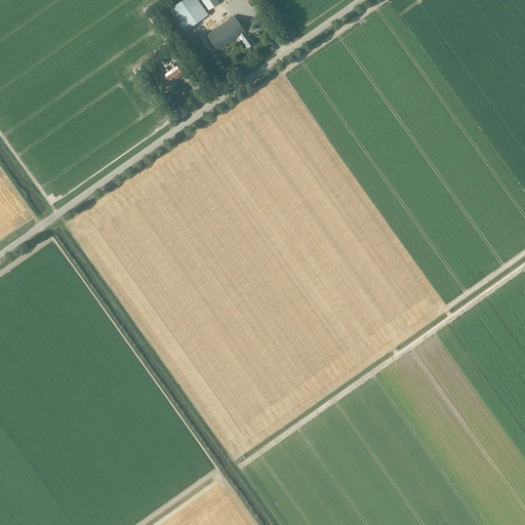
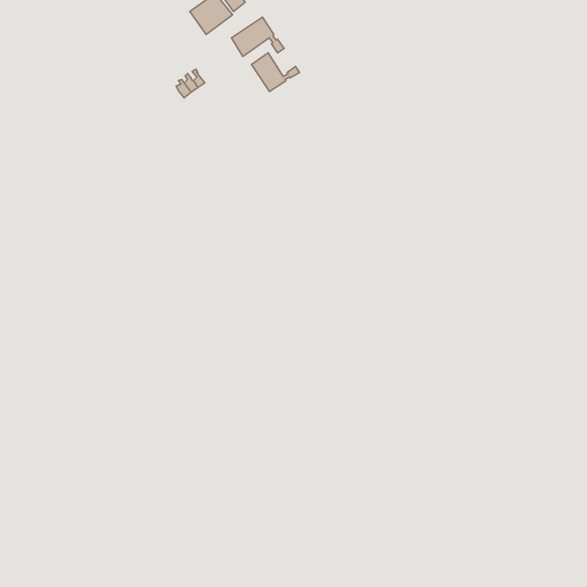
building: none -> [252,53,300,92]

